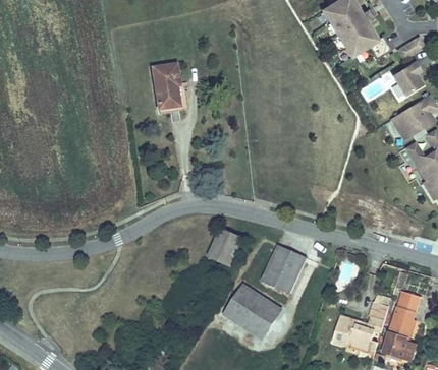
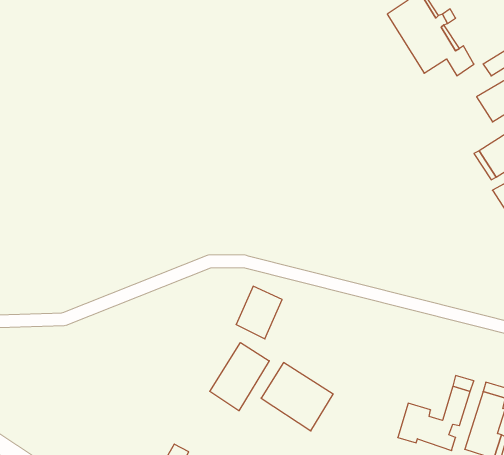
building: [154,63,180,107] -> none
building: [263,240,306,288] -> none
building: none -> [210,343,269,411]

